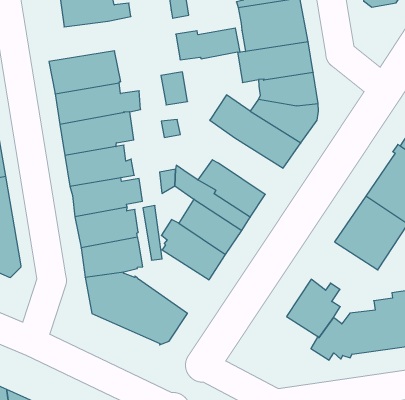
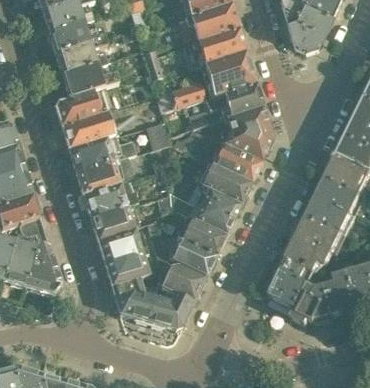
building: none -> [54,86,109,123]
building: none -> [200,162,250,202]
building: none -> [283,231,333,270]
building: none -> [150,263,204,301]

